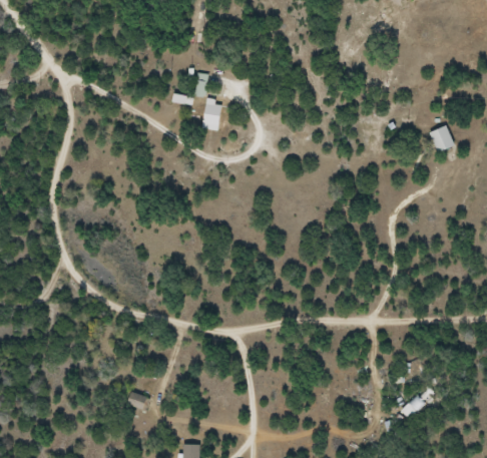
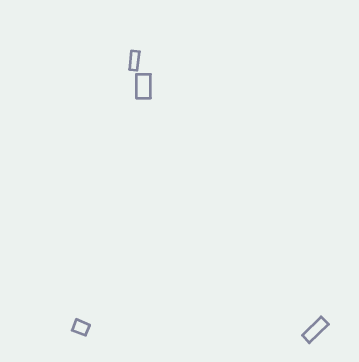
building: [428,124,454,152] -> none

